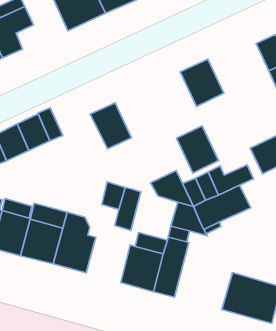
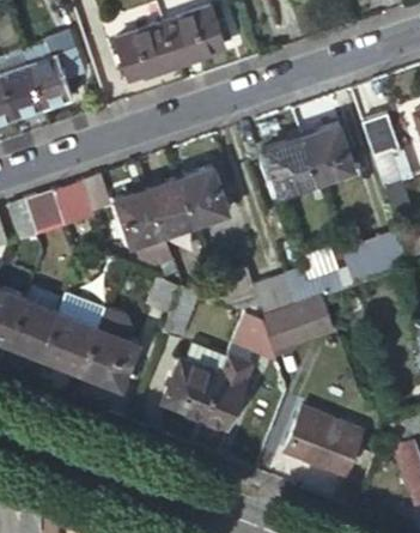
building: none -> [299,125,352,182]
building: none -> [115,190,163,247]
building: [177,126,219,173] -> [178,168,227,225]

